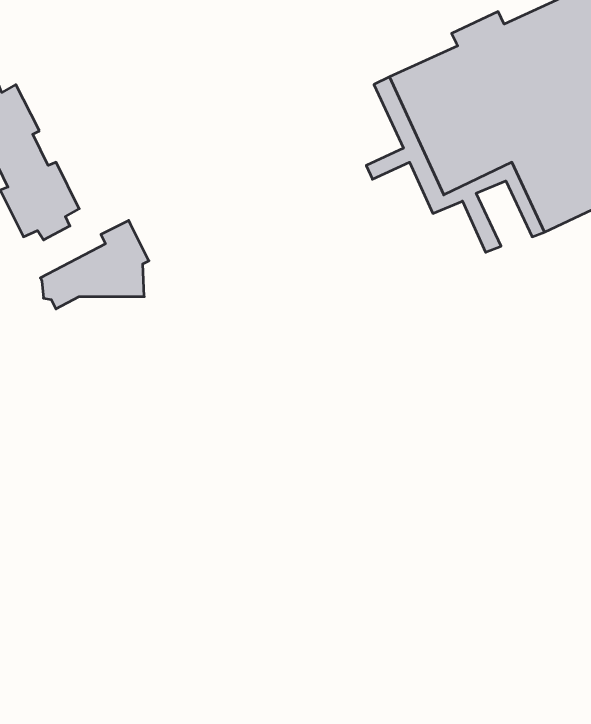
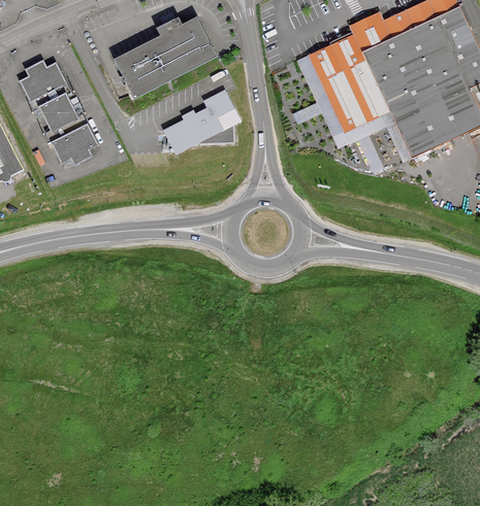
building: none -> [113,15,217,99]
building: [40,220,149,309] -> [165,92,237,150]

